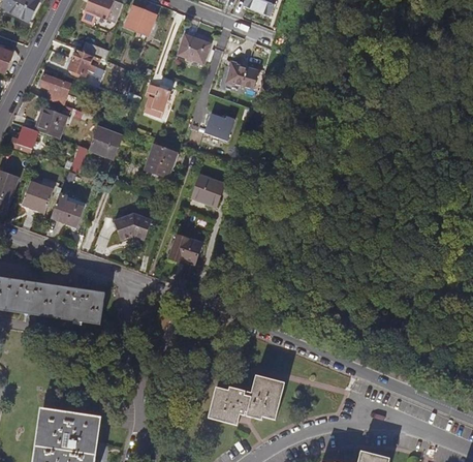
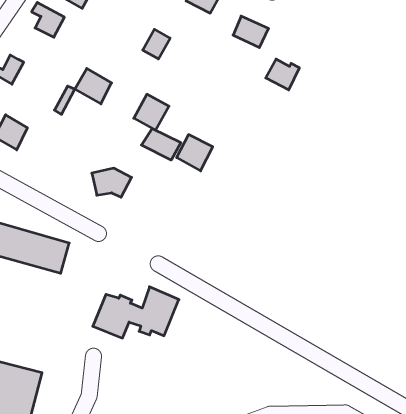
building: [33,105,67,137] -> none
building: [206,114,235,141] -> [266,59,299,90]
building: none -> [141,129,181,160]
building: [46,194,84,228] -> none
building: [165,237,198,267] -> none
building: [206,377,282,428] -> [93,287,179,338]

